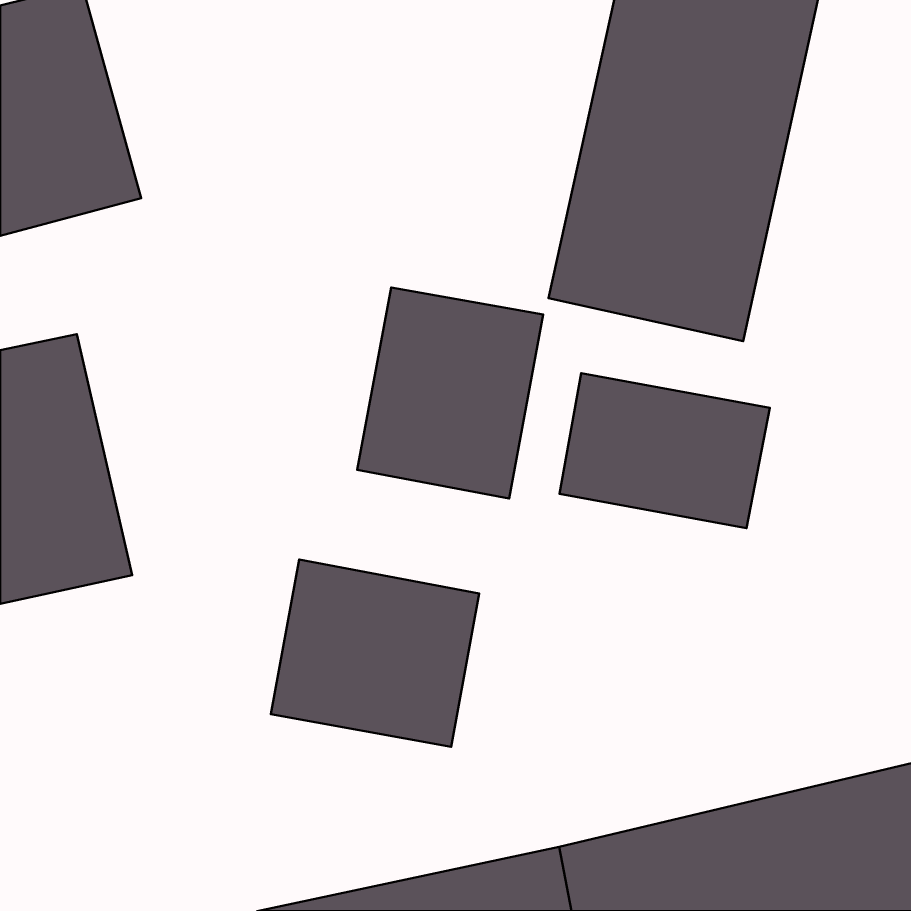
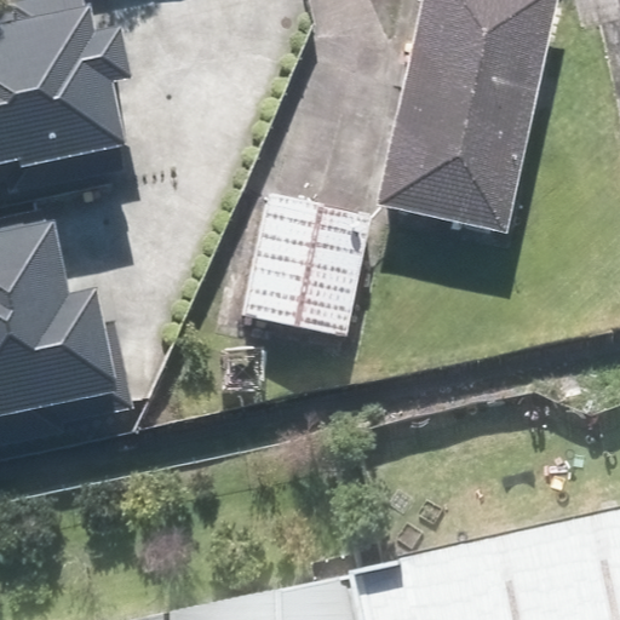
building: [559,373,770,528] -> none
building: [271,559,479,747] -> none

